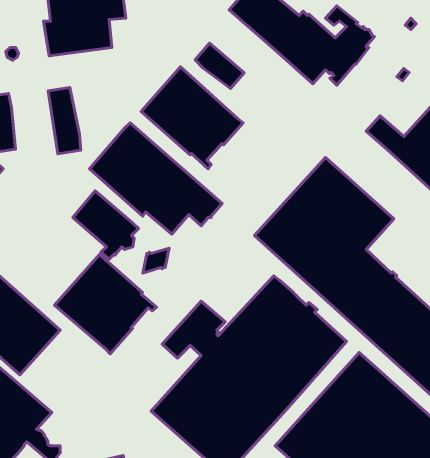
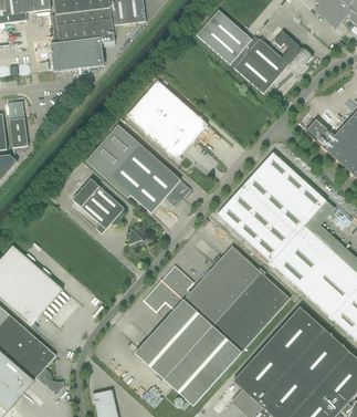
building: [195,43,244,89] -> none
building: [48,88,81,154] -> none
building: [54,255,156,354] -> none

